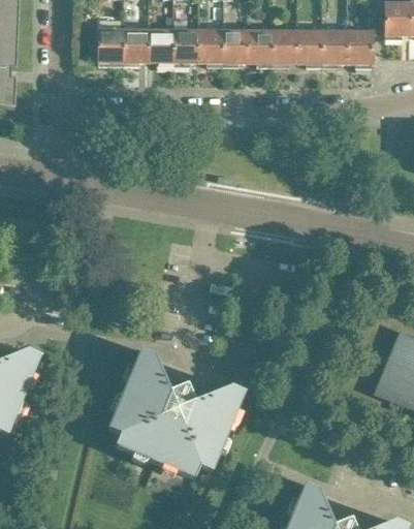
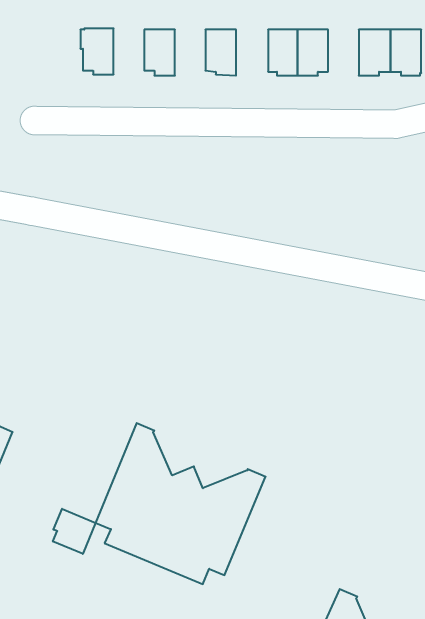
building: [123,28,148,66] -> none
building: [172,29,197,66] -> none
building: [222,29,248,66] -> none
building: [296,29,321,66] -> none
building: none -> [53,509,96,554]

